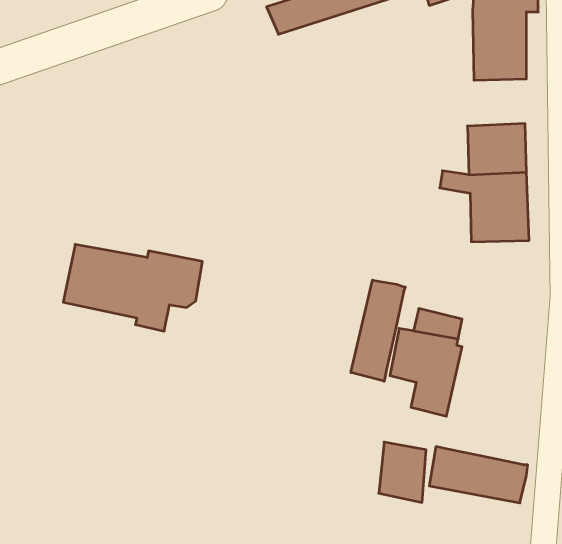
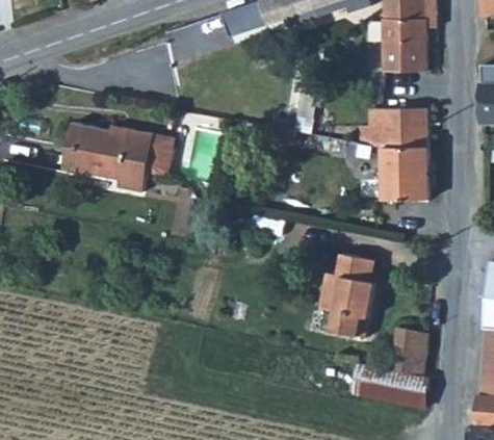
building: [63,244,202,331] -> [60,124,171,192]
building: [351,280,405,381] -> none
building: [379,442,426,502] -> [390,328,427,376]

